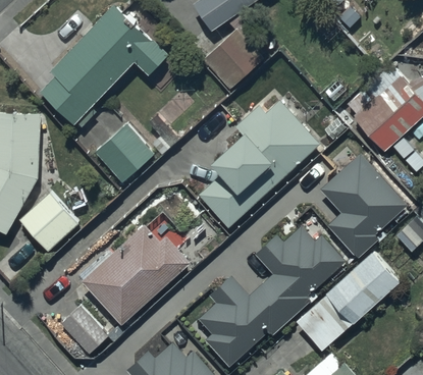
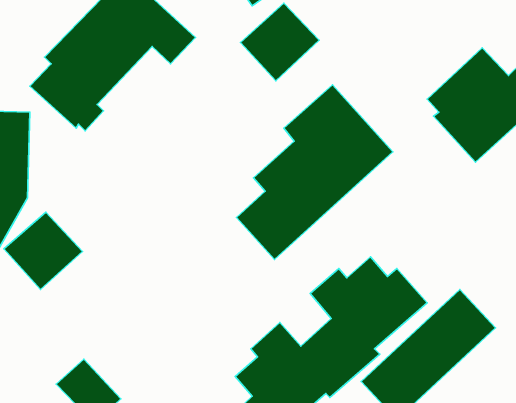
building: [95,123,154,182] -> none
building: [320,154,407,259] -> none
building: [81,224,188,326] -> none

